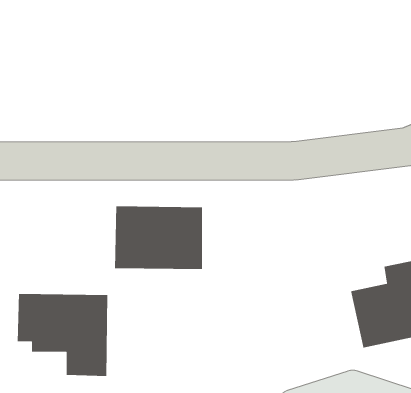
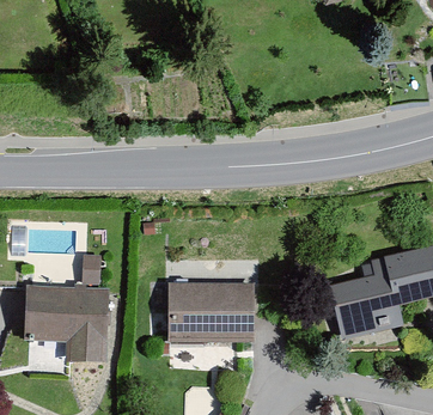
building: [114,206,203,270] -> [167,281,250,341]

